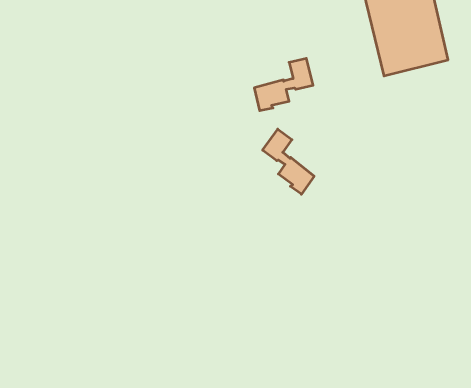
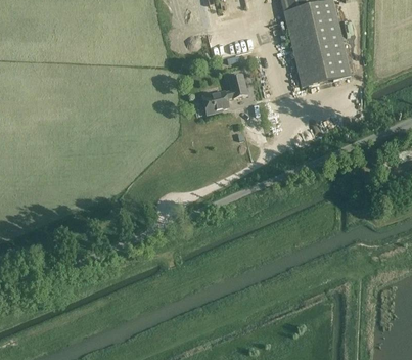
building: [263,129,314,194] -> none

